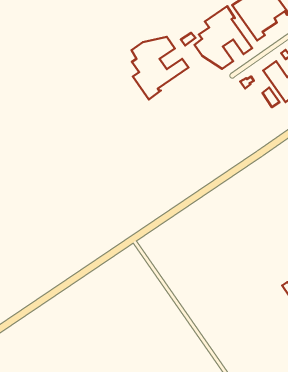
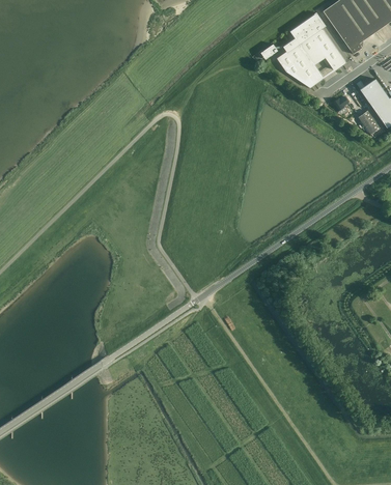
building: [131,37,188,99] -> none

